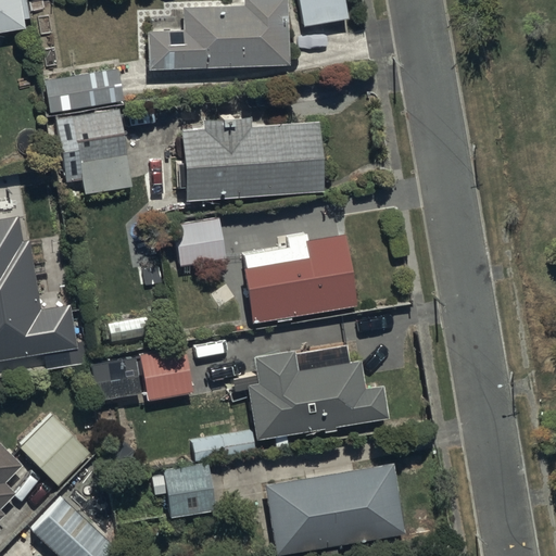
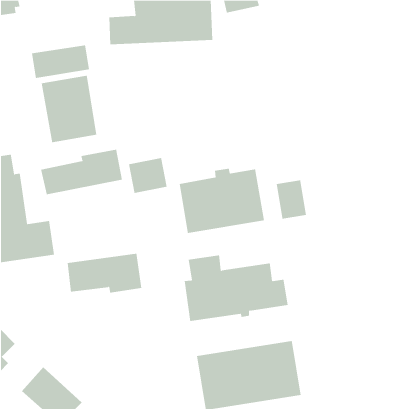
building: [180,115,321,200] -> none
building: none -> [40,149,122,195]
building: none -> [276,180,306,219]
building: [20,416,91,489] -> none
building: [152,464,216,520] -> none

